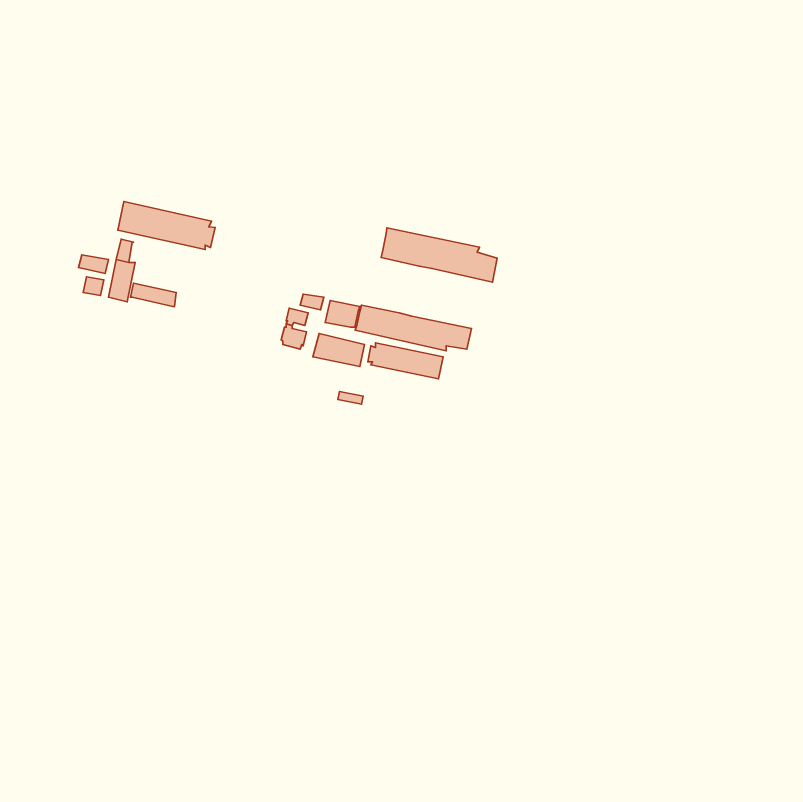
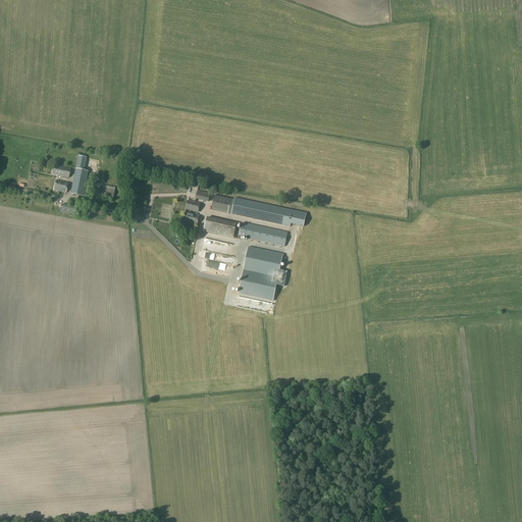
building: [118,202,215,250] -> none
building: [381,228,497,282] -> none
building: none -> [239,246,286,300]

